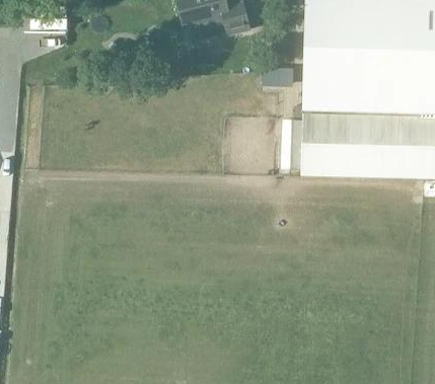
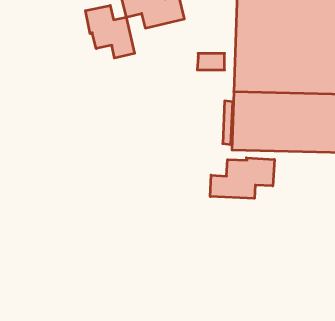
building: none -> [85,5,135,58]
building: none -> [210,158,274,198]

